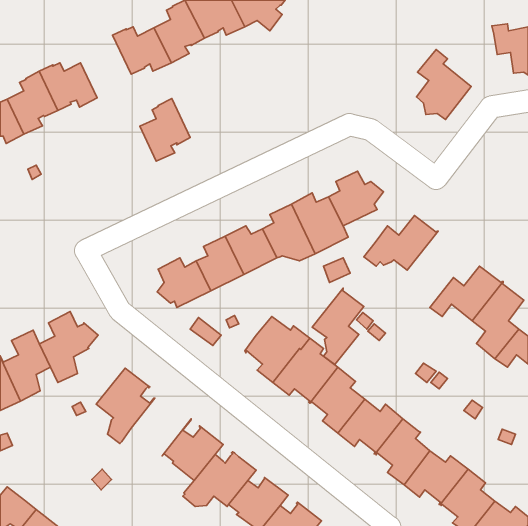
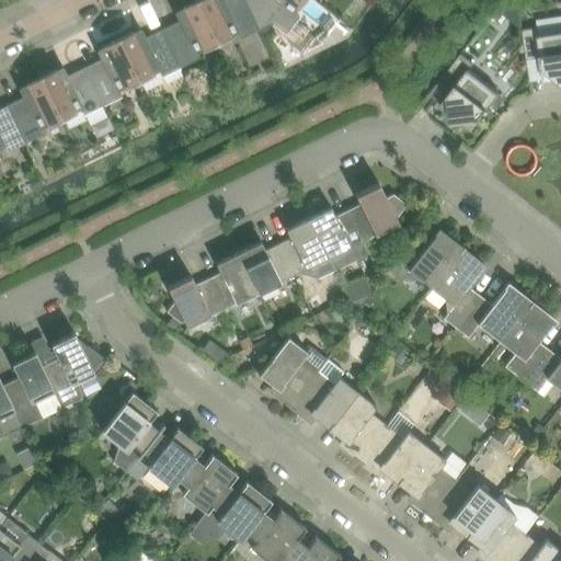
building: [140,98,190,161] -> [85,38,139,105]
building: [312,288,364,364] -> [432,247,486,328]
building: none -> [139,424,203,485]

